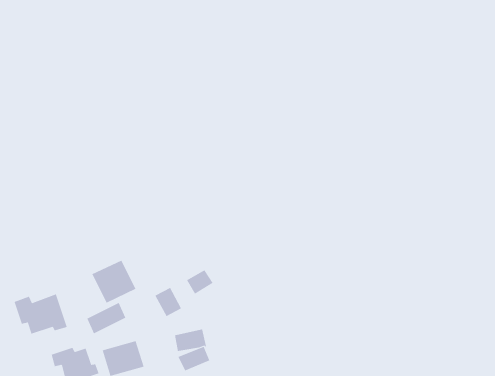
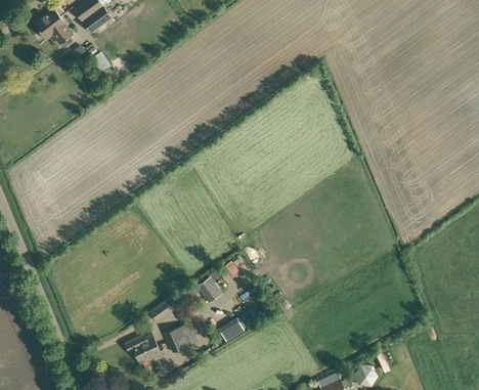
building: [92,260,136,303] -> none
building: [14,293,67,335] -> none

